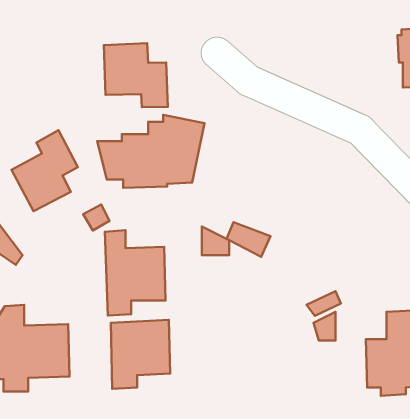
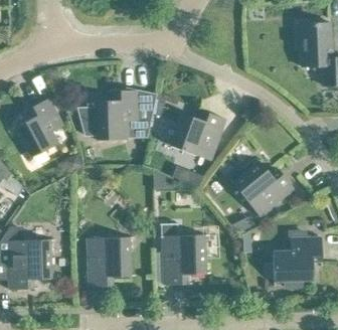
building: [104,43,168,107] -> none
building: none -> [171,113,226,160]
building: none -> [229,157,294,215]
building: [105,230,166,316] -> [162,222,206,285]

